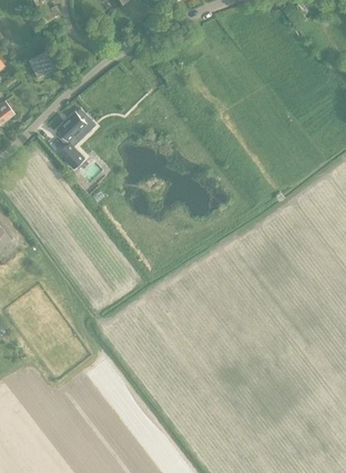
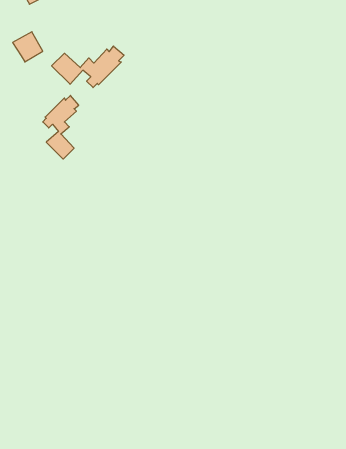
building: none -> [52,46,124,88]

